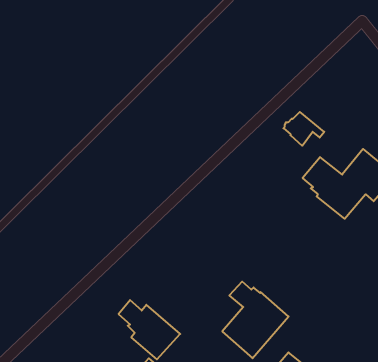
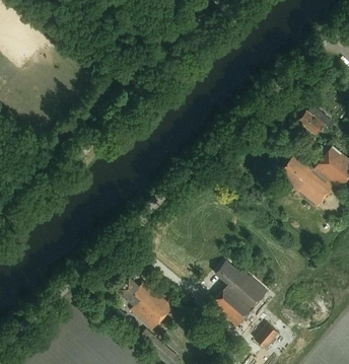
building: [283,112,324,146] -> [298,105,334,135]

